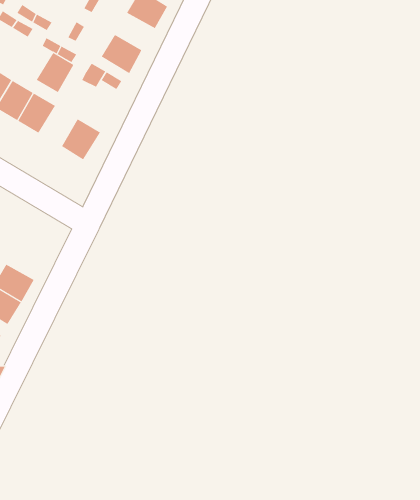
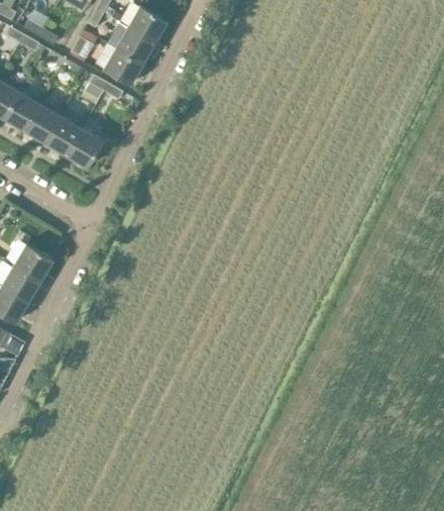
building: none -> [115,28,153,64]
building: [36,52,74,93] -> [43,116,80,155]
building: none -> [12,243,51,281]

